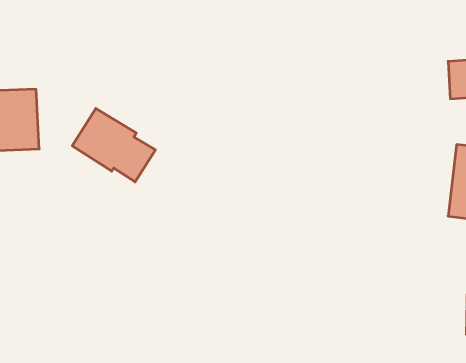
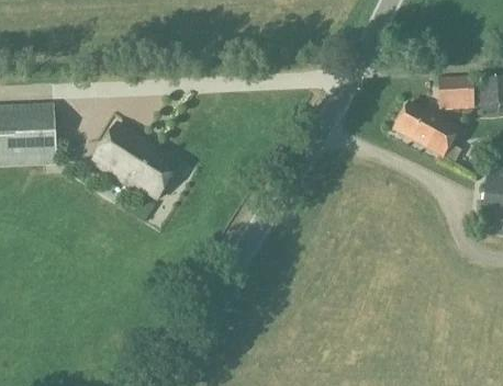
building: none -> [438,76,473,109]
building: none -> [393,102,457,156]

